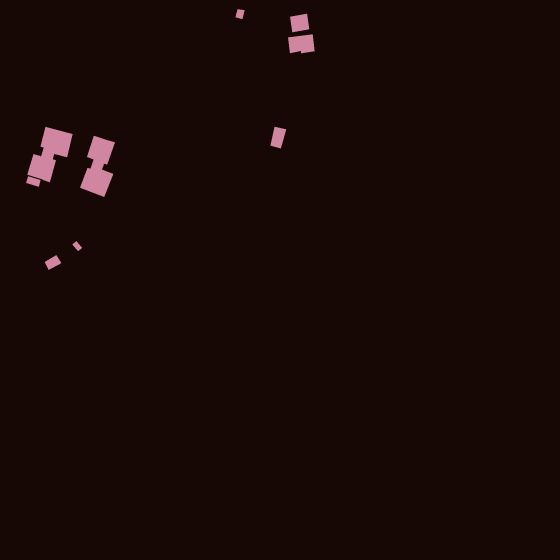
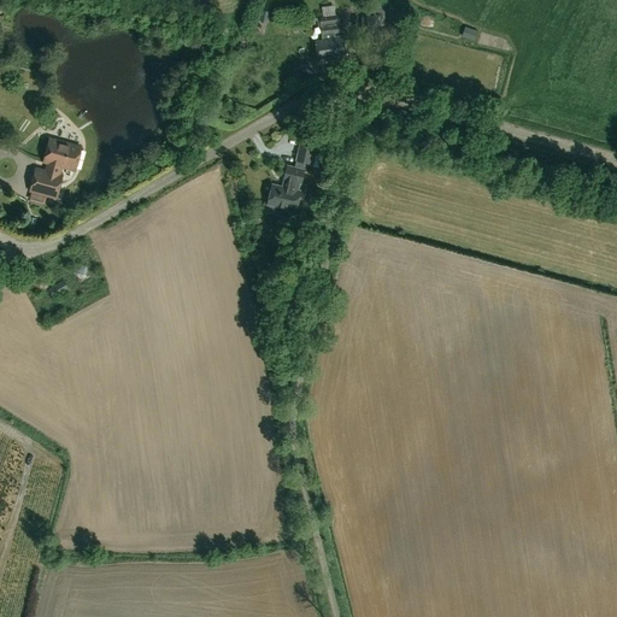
building: [79,135,116,198] -> none
building: none -> [268,165,304,211]

